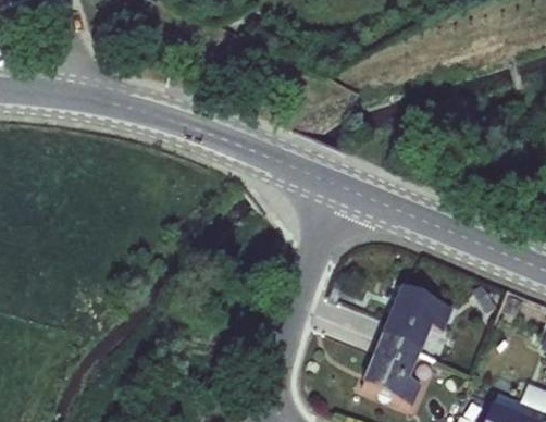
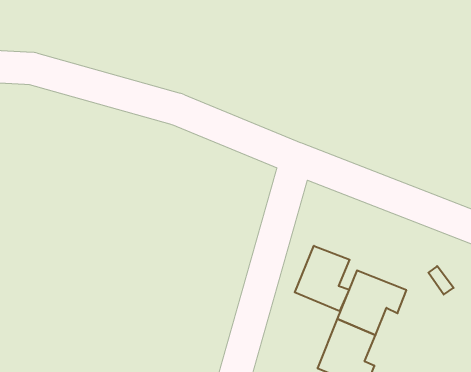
building: none -> [295,246,350,311]

